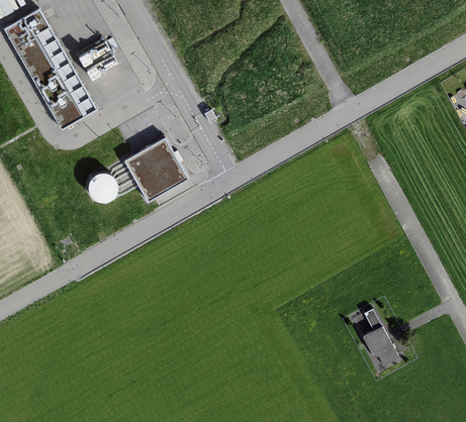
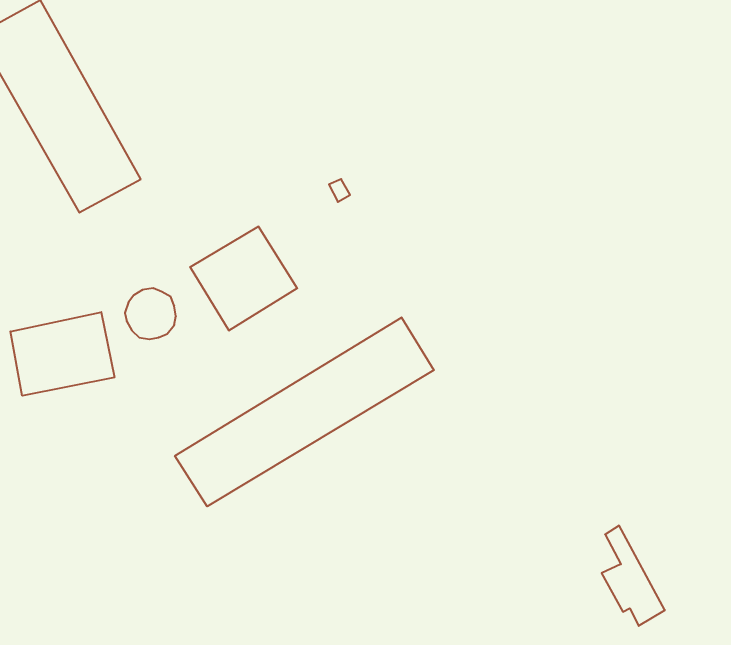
building: none -> [10,312,114,396]
building: none -> [175,317,434,506]

